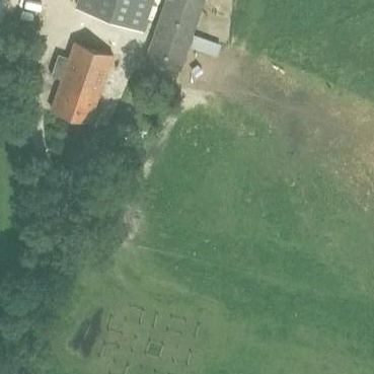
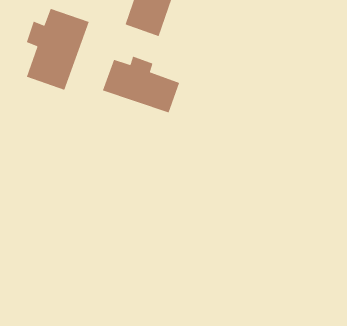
building: none -> [102,56,180,114]

